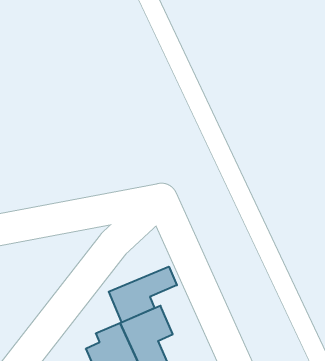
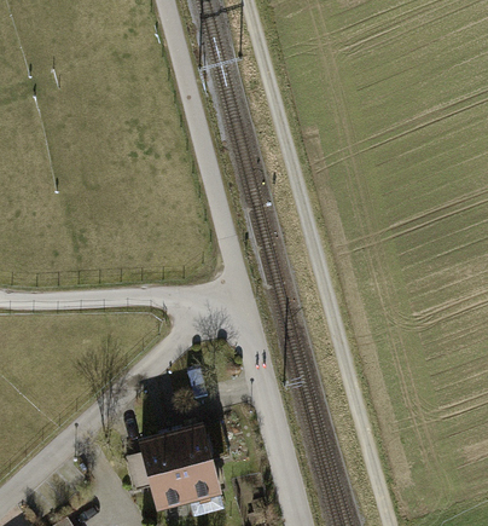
building: [109,267,177,322] -> none

